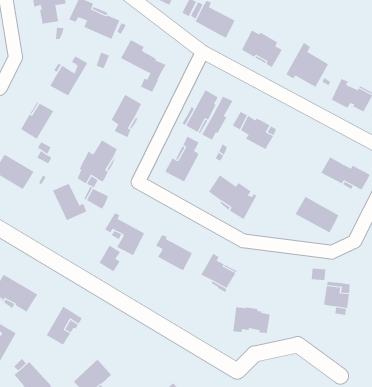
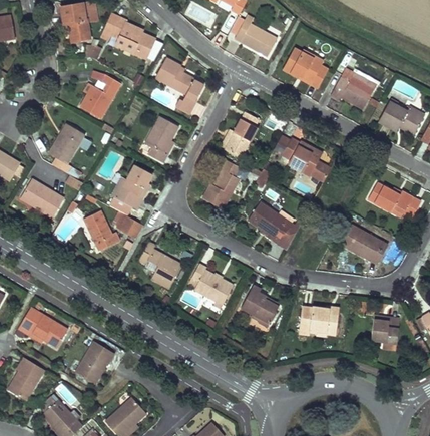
building: [201,96,233,141] -> none
building: [99,245,121,272] -> none
building: [233,307,270,333] -> [299,307,339,335]

